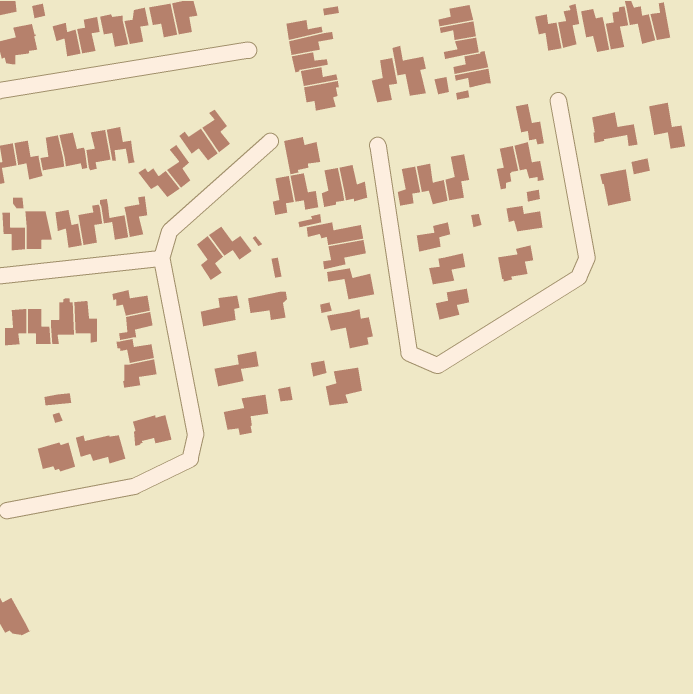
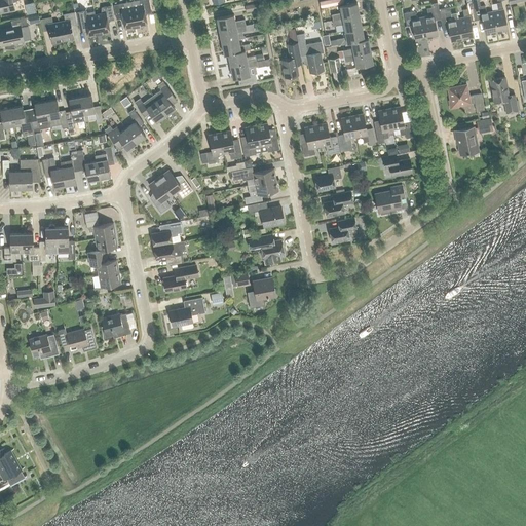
building: [515,103,545,145] -> [351,114,374,146]
building: [283,136,321,175] -> none
building: [247,291,288,321] -> [153,242,184,265]

